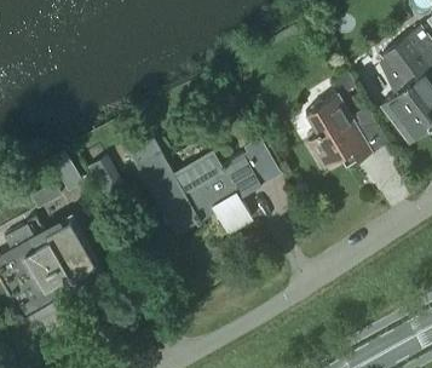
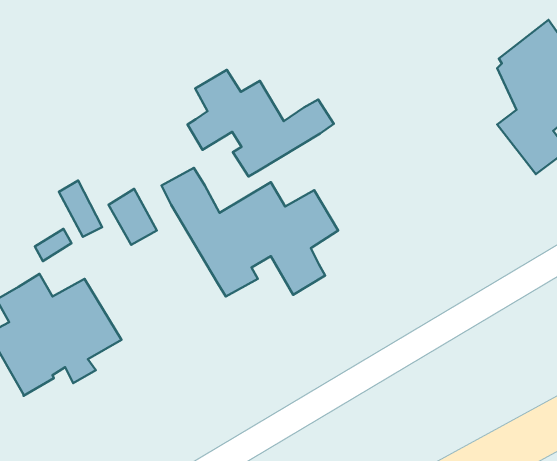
building: none -> [187,70,334,176]
building: [305,94,371,168] -> none
building: [242,137,282,185] -> none

